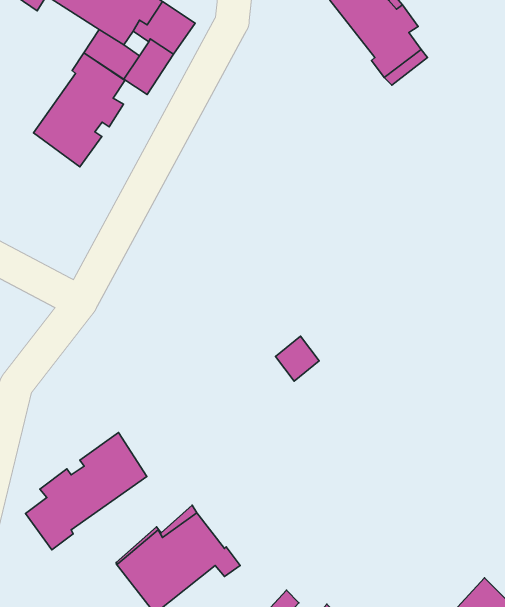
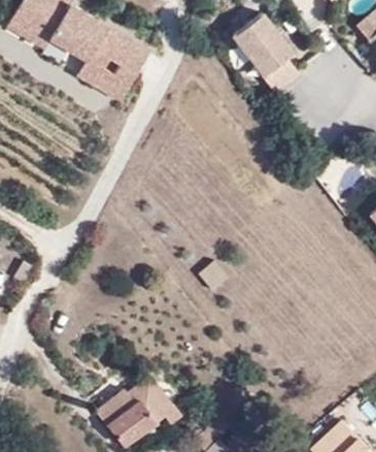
building: [33,53,125,167] -> none
building: [26,433,147,550] -> none

